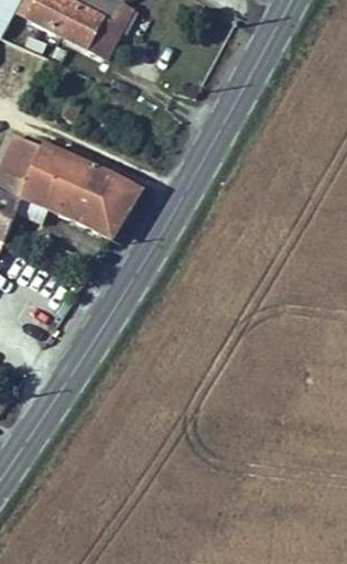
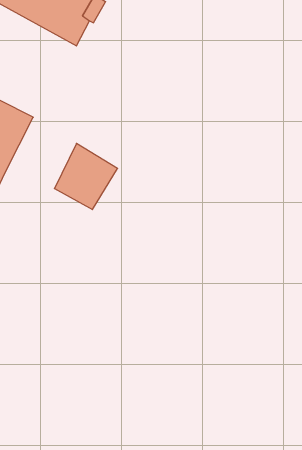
building: [20,141,98,219] -> none

